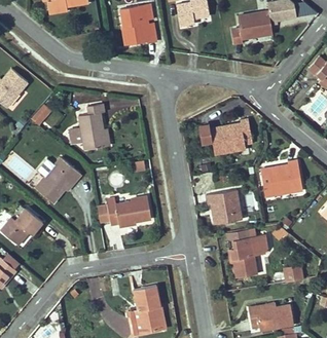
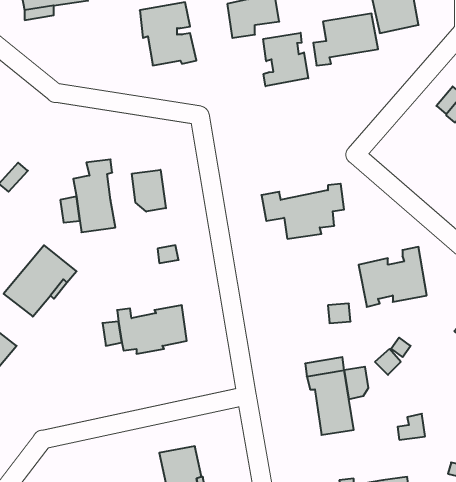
building: none -> [263,33,308,86]
building: none -> [132,170,166,212]
building: [206,190,242,224] -> none

